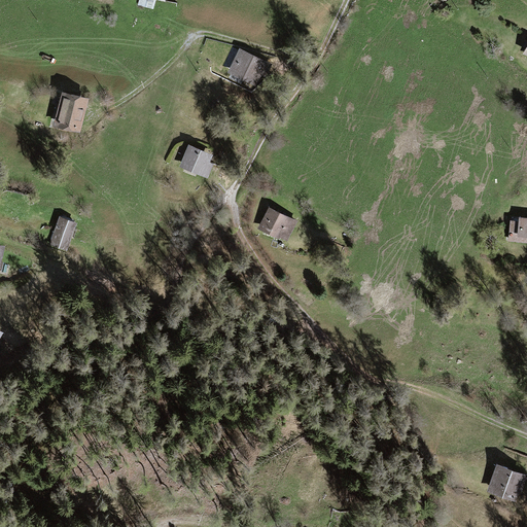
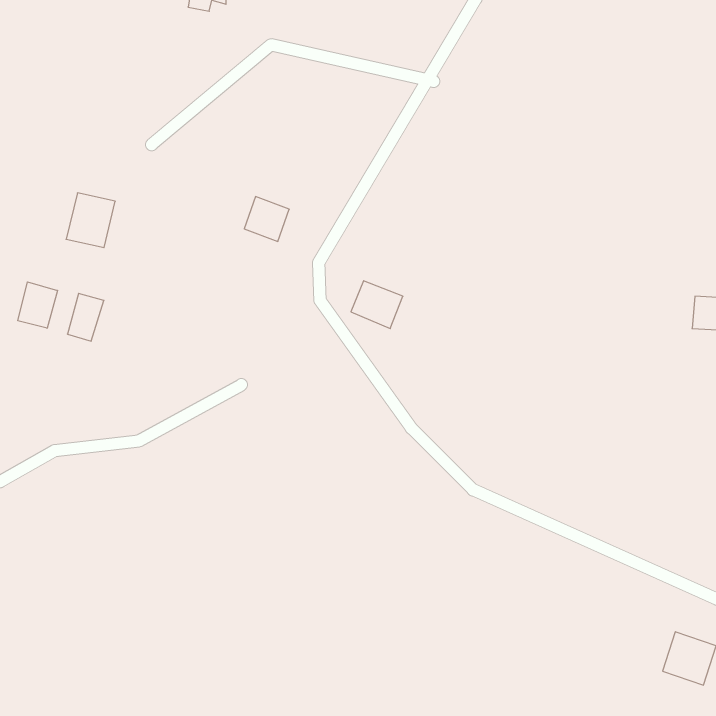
building: [227,48,266,85] -> none
building: [54,91,90,131] -> [66,193,115,248]
building: none -> [18,282,58,328]

